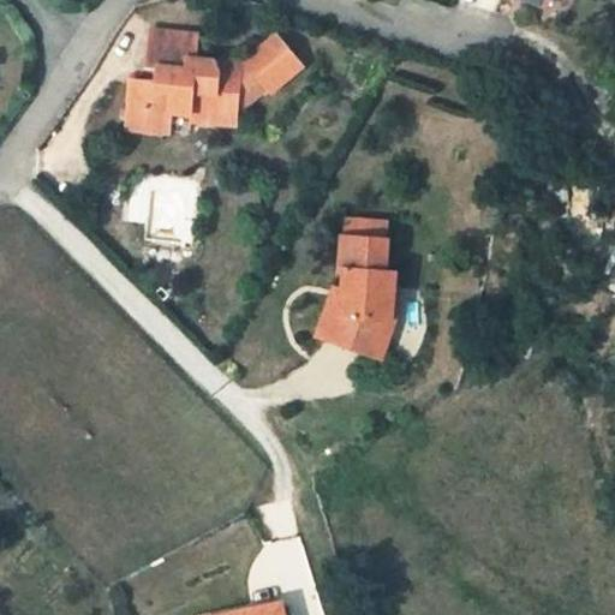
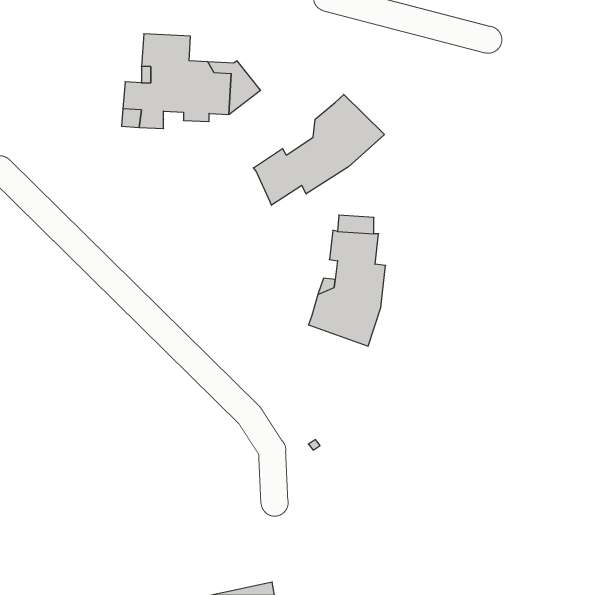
building: [244,36,295,92] -> none
building: none -> [253,94,384,205]

